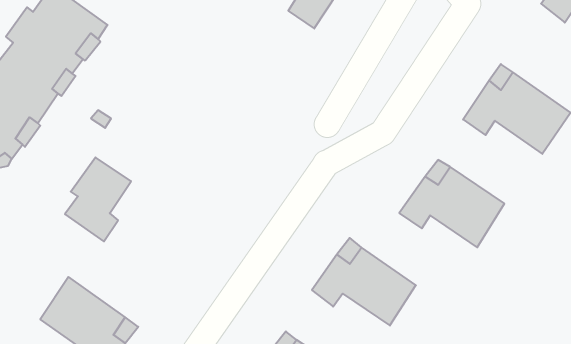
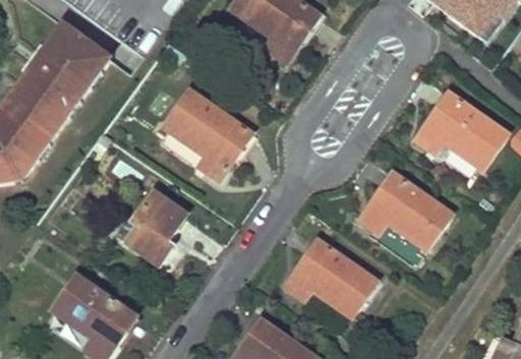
building: none -> [165,87,251,179]
building: [65,157,131,241] -> [127,192,184,264]

